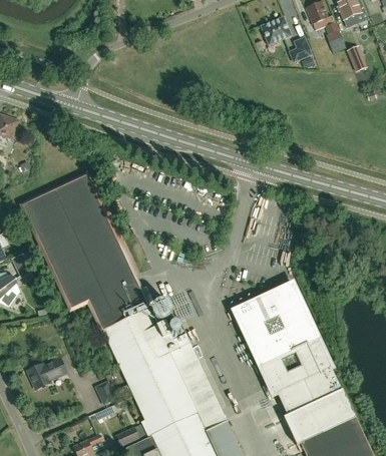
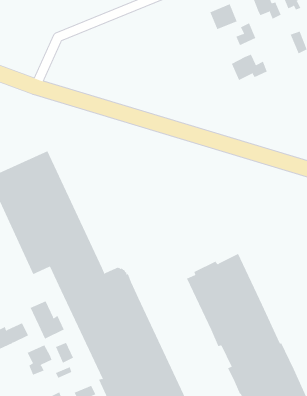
building: none -> [231,54,268,81]
building: none -> [30,300,65,340]
building: none -> [27,345,52,375]

